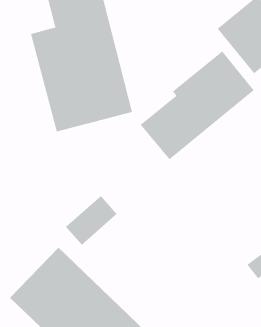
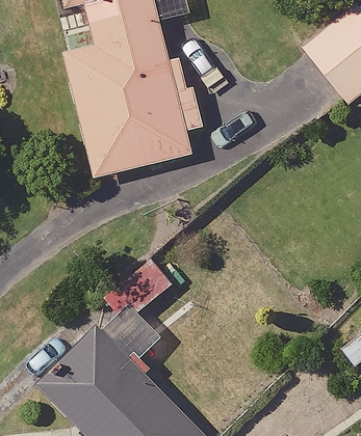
building: [140,51,255,160] -> none

